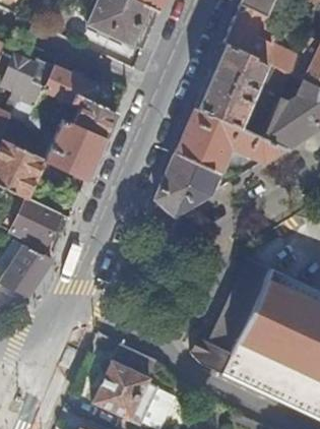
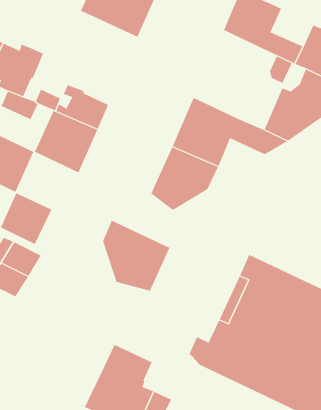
building: [196,44,267,128] -> none
building: [44,66,98,103] -> none
building: none -> [102,220,170,292]

